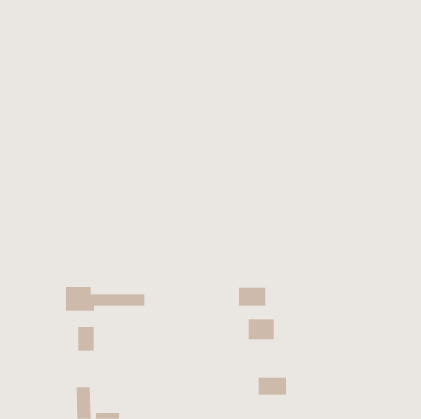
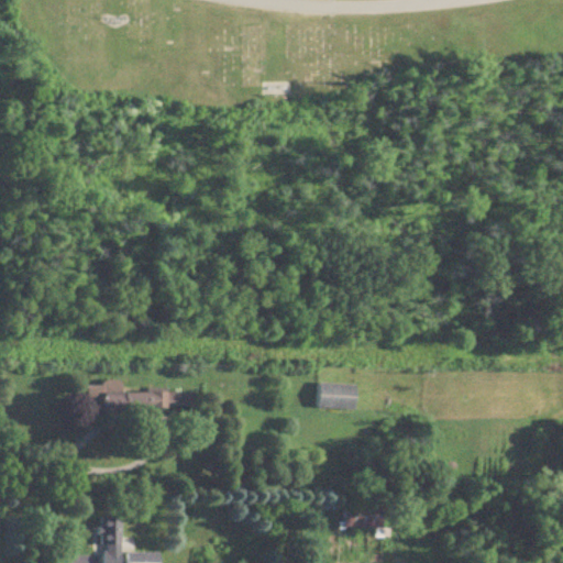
building: [248,318,274,340] -> none
building: [78,326,94,352] -> none

